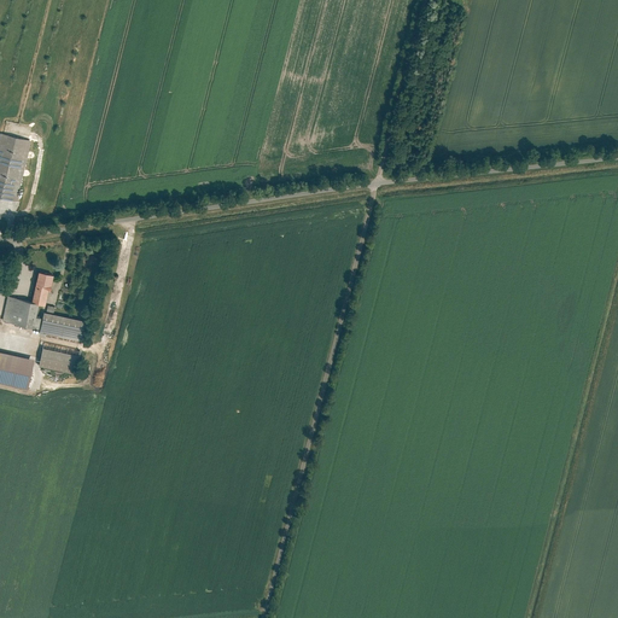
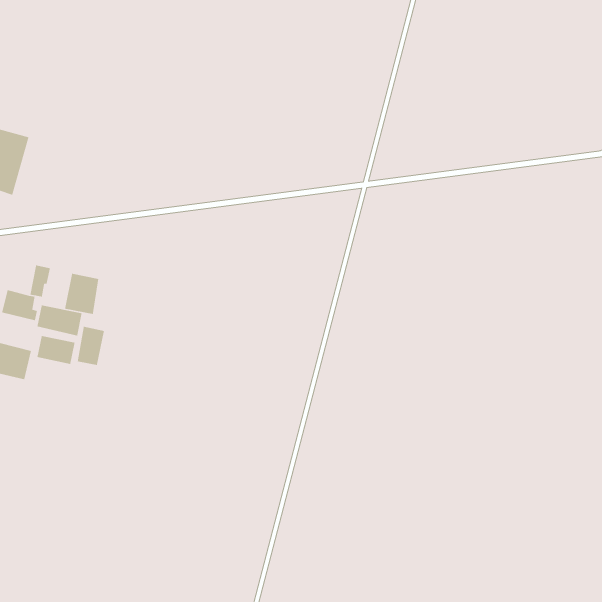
building: none -> [64,273,99,315]
building: none -> [77,326,105,366]

